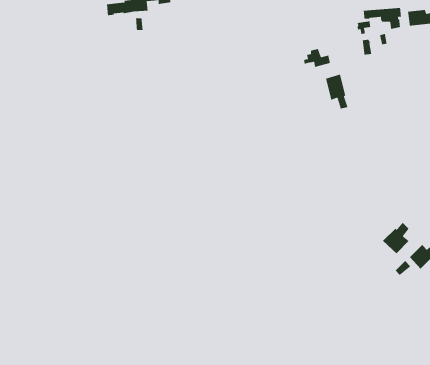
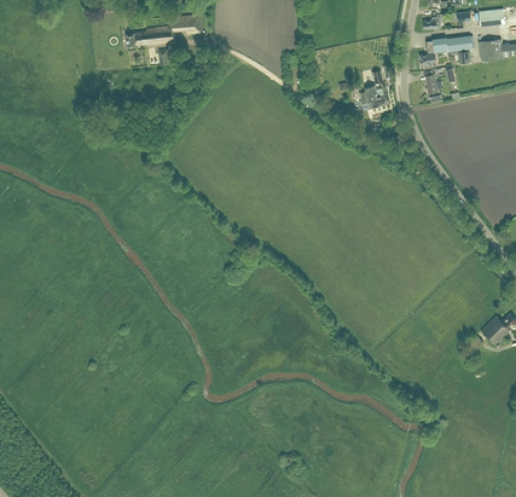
building: [325,73,348,110] -> none
building: [382,222,410,254] -> none

